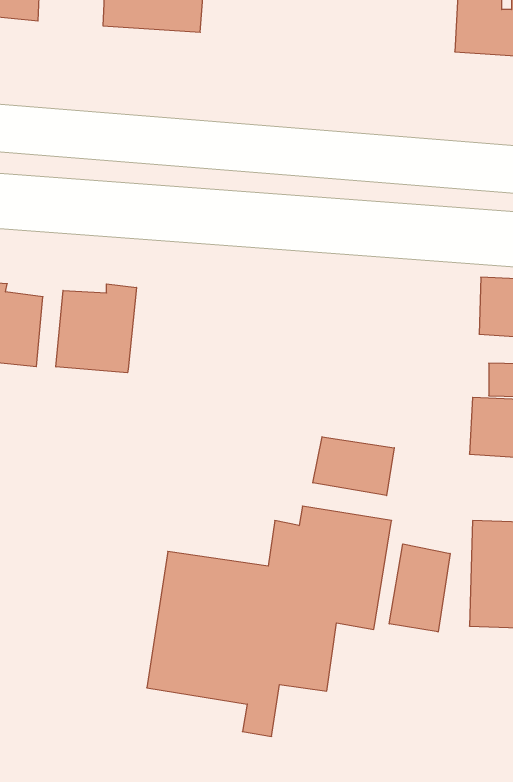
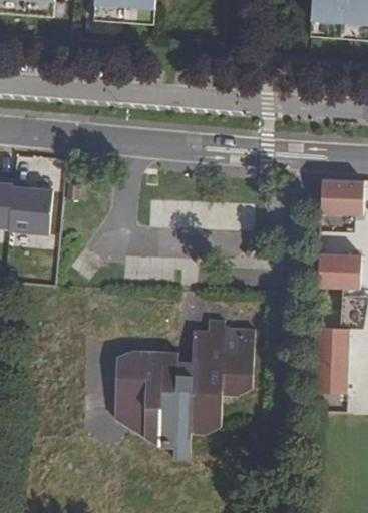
building: [56,284,136,373] -> none
building: [313,437,394,496] -> none
building: [389,544,450,632] -> none

